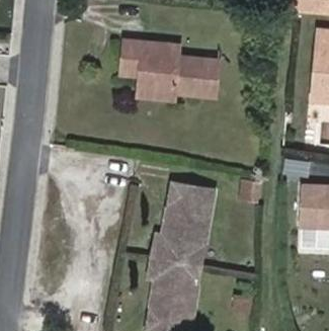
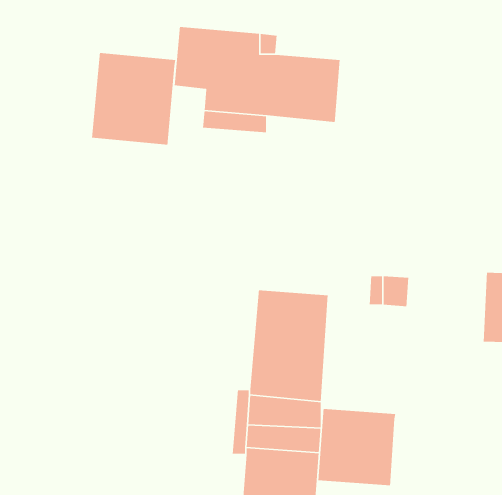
building: none -> [91,52,176,146]
building: none -> [318,408,396,486]

